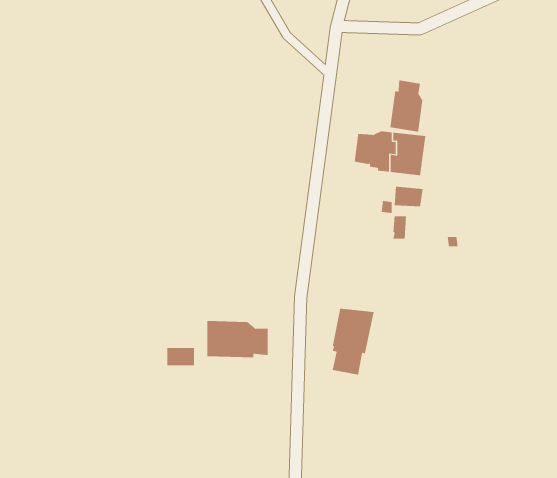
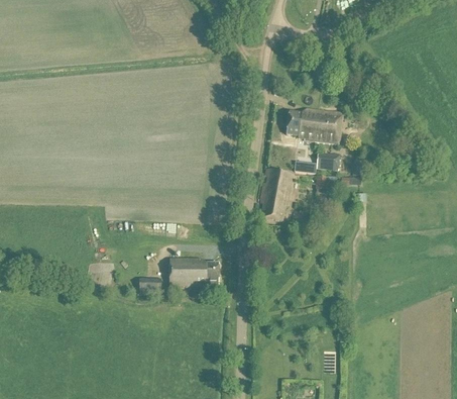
building: [390,80,423,133] -> none
building: [332,308,374,375] -> [261,169,295,221]

